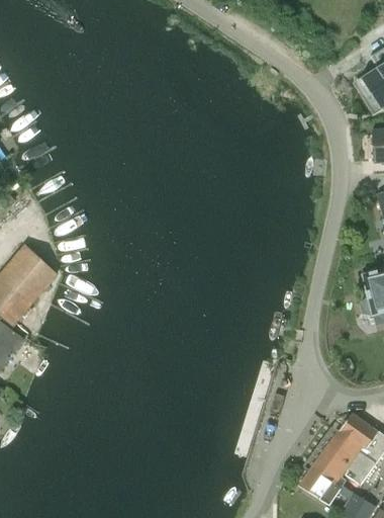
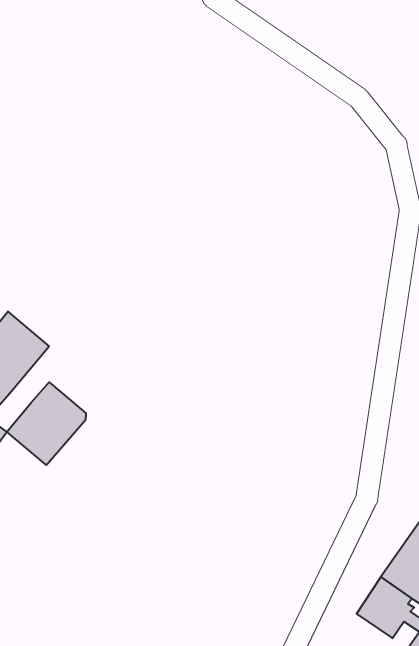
building: none -> [7,382,86,465]

